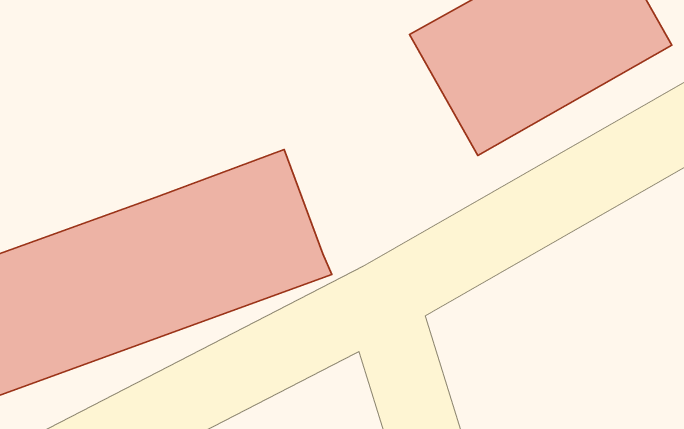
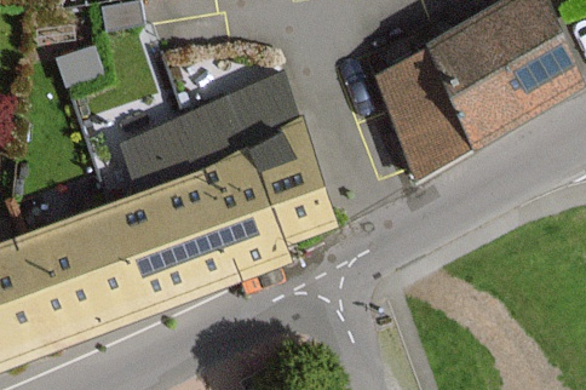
building: none -> [131,84,340,245]

